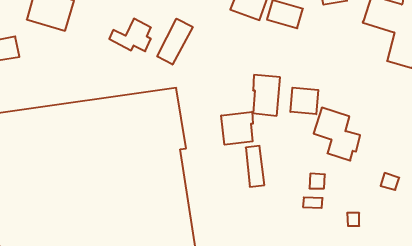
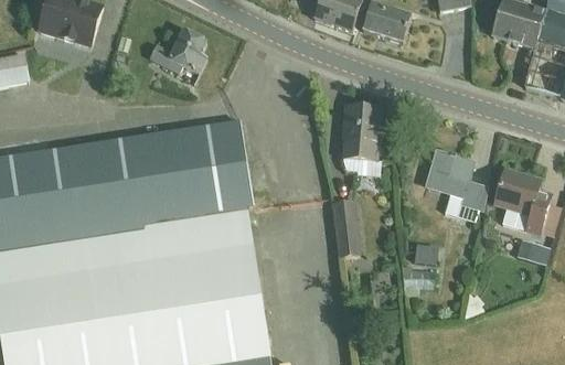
building: [157,19,193,65] -> none
building: [290,88,318,114] -> none
building: [221,112,253,145] -> none
building: none -> [493,170,548,233]

